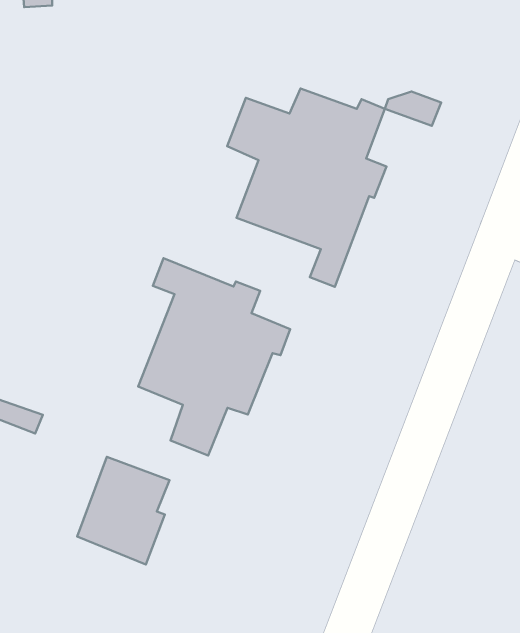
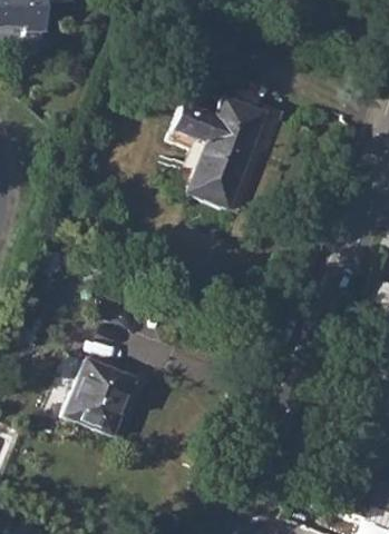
building: [138,258,290,455] -> none

